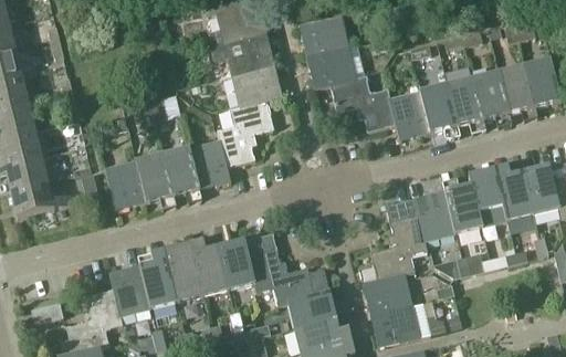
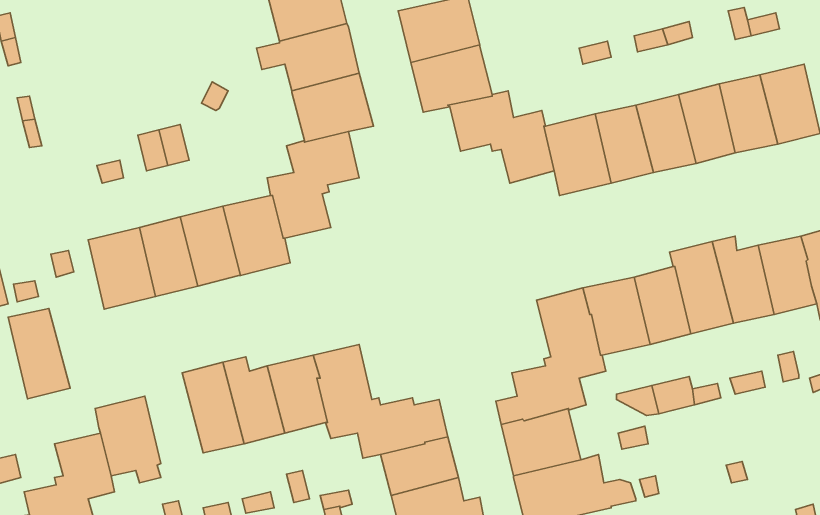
building: [138,251,177,307] -> [8,308,70,399]

